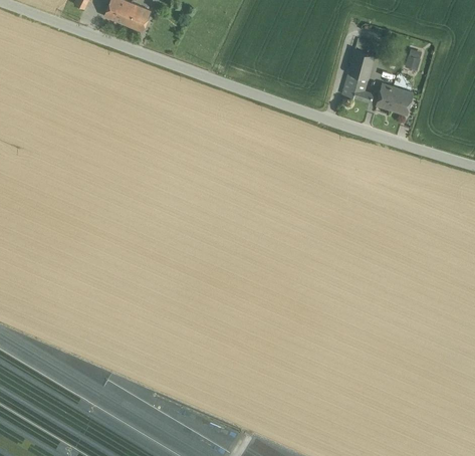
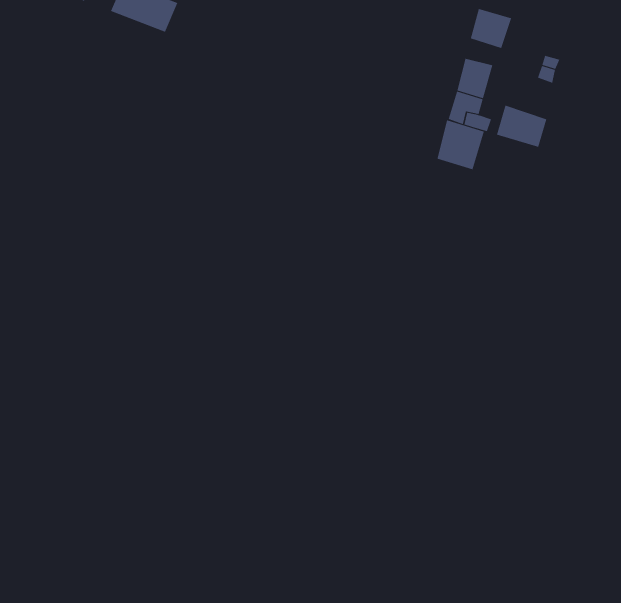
building: none -> [470,8,512,49]
building: none -> [437,120,484,170]

